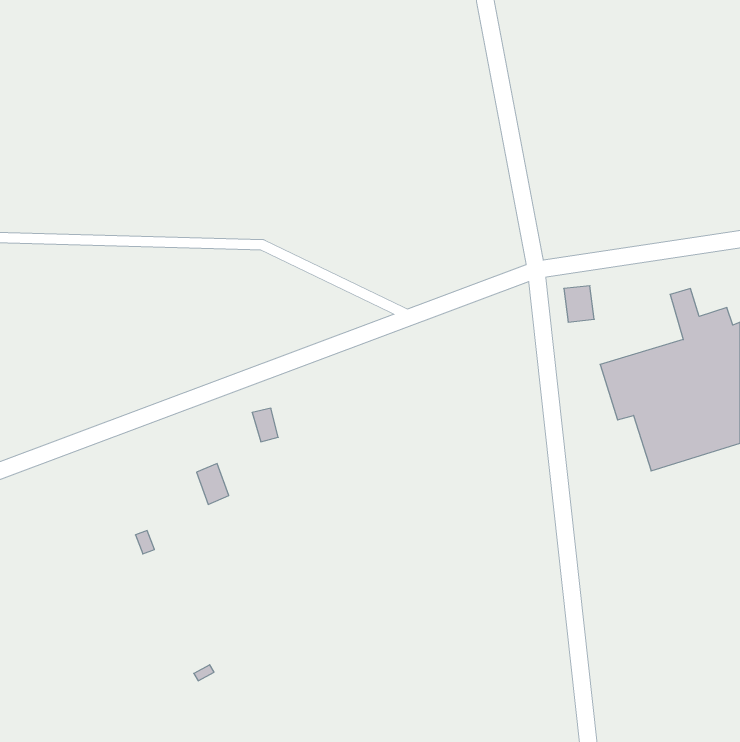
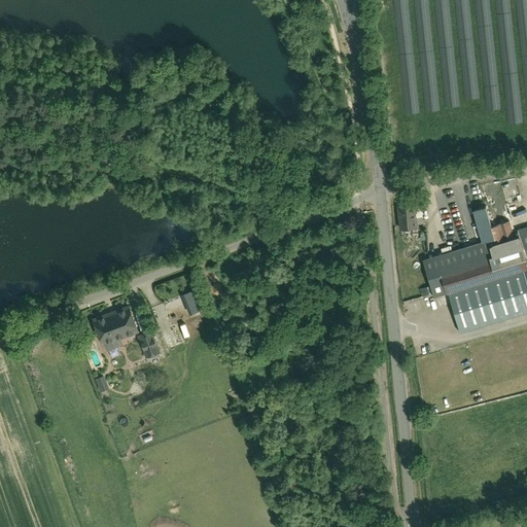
building: none -> [94,304,142,351]

